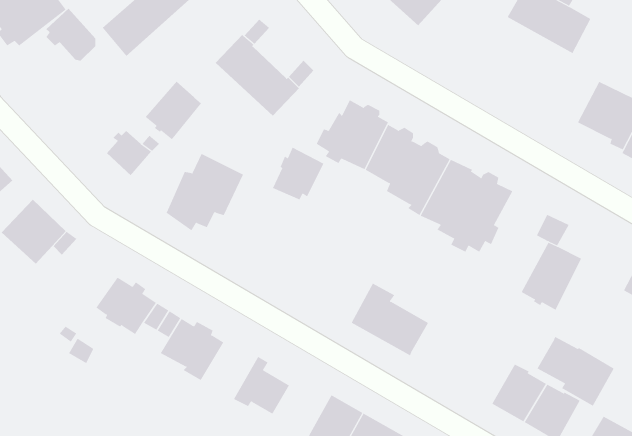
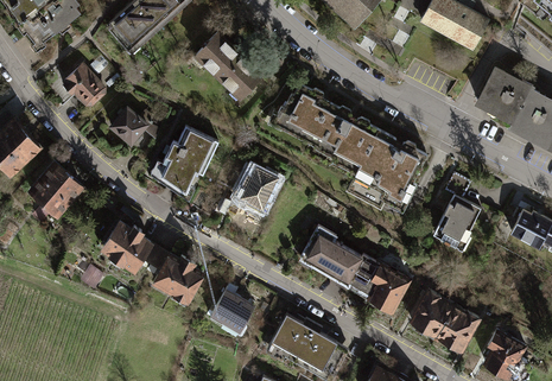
building: [46,8,96,61] -> [64,64,103,106]
building: [145,81,202,140] -> none
building: [272,147,324,200] -> [237,167,278,209]
building: [537,336,615,407] -> [349,255,410,310]

